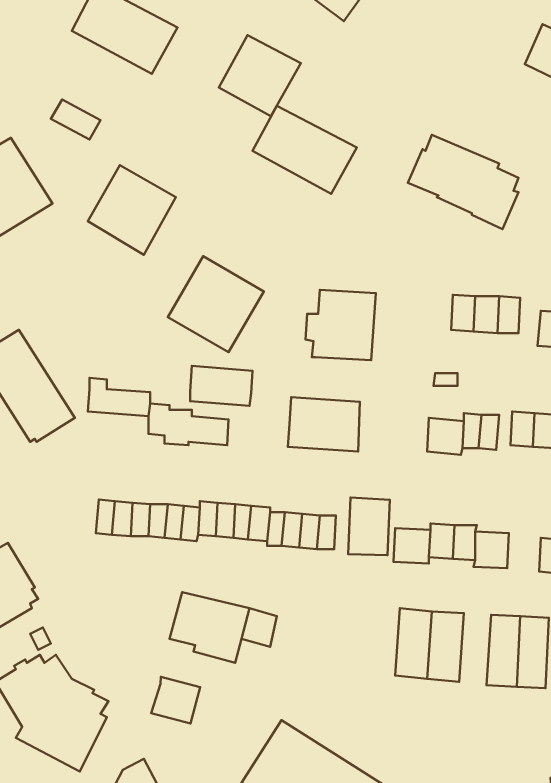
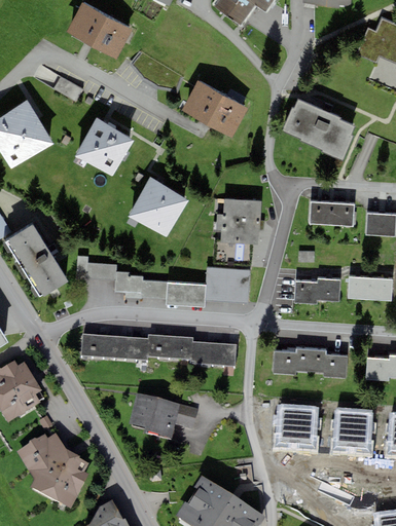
building: [219,35,301,116] -> none
building: [190,366,253,406] -> [166,281,206,307]
building: [348,497,390,555] -> none
building: [151,677,200,723] -> none

